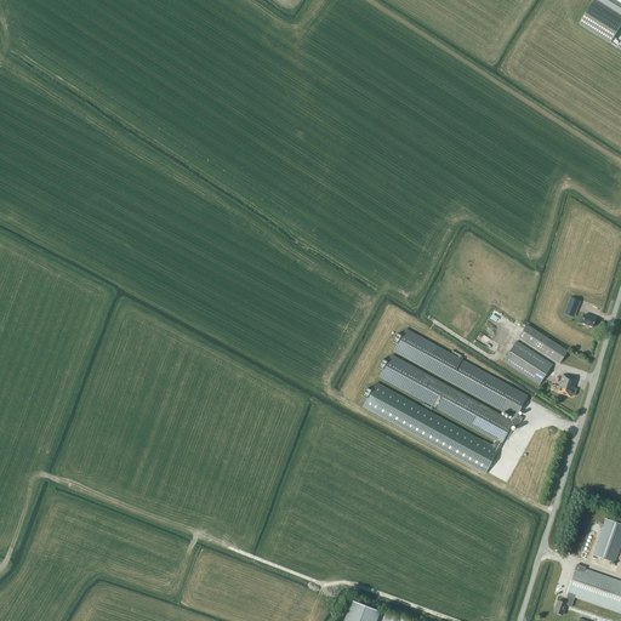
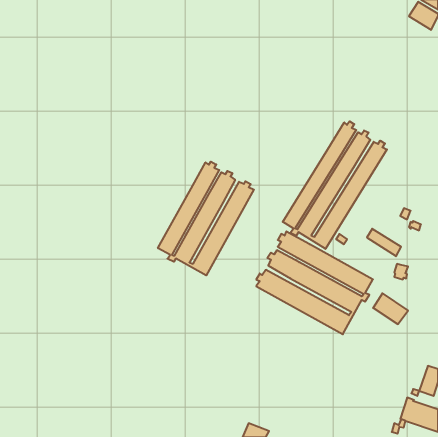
building: none -> [283,121,387,249]
building: none -> [158,162,254,275]
building: [503,340,553,383] -> [373,293,408,324]

